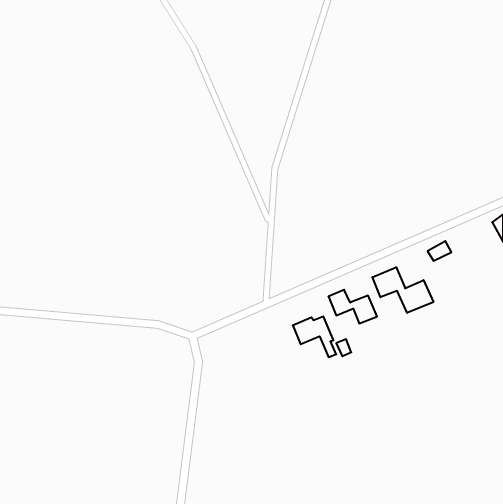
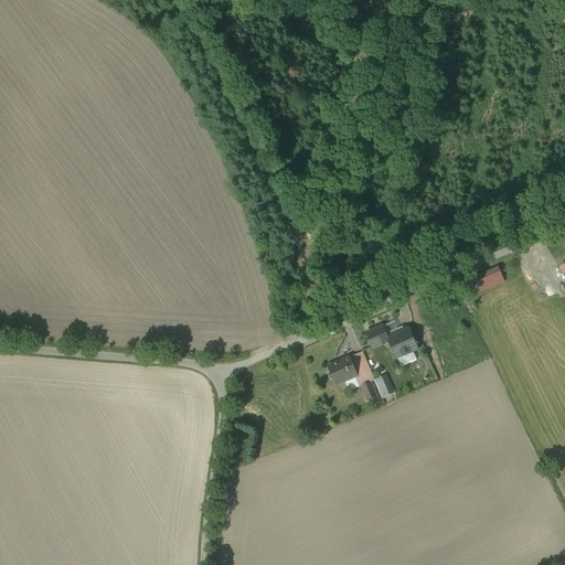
building: [372,267,433,313] -> none

